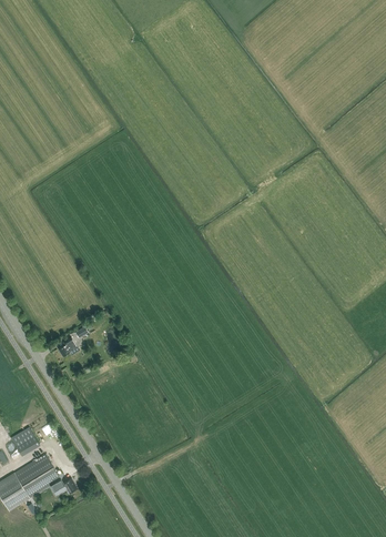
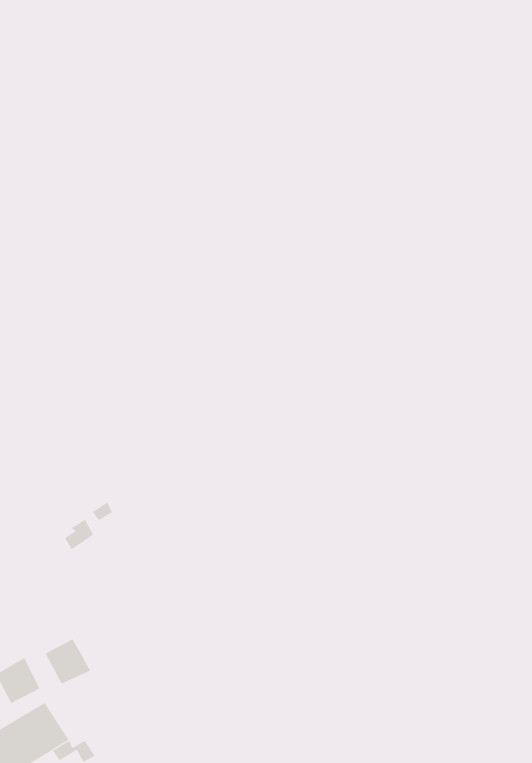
building: none -> [45,638,91,685]

